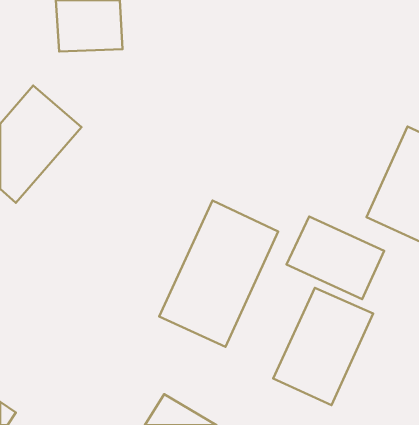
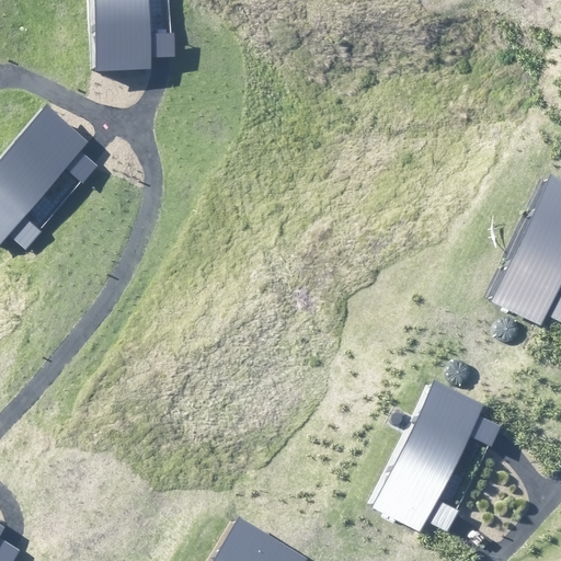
building: [159,200,278,347] -> none
building: [286,217,384,299] -> none

